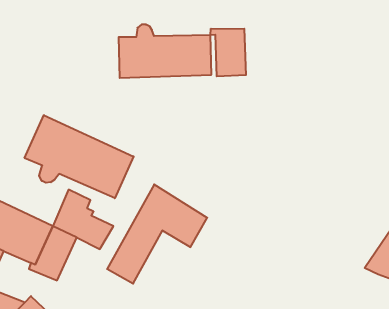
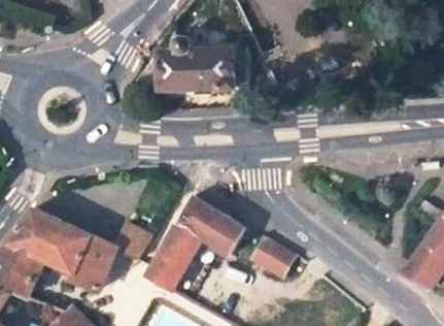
building: [210,29,246,76] -> none
building: [25,115,134,198] -> none
building: none -> [251,236,296,276]

